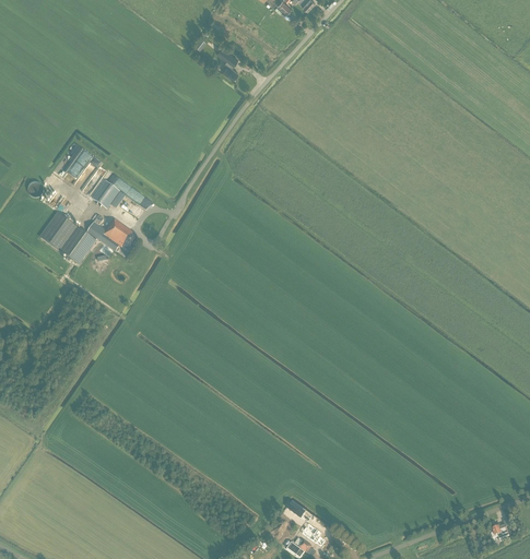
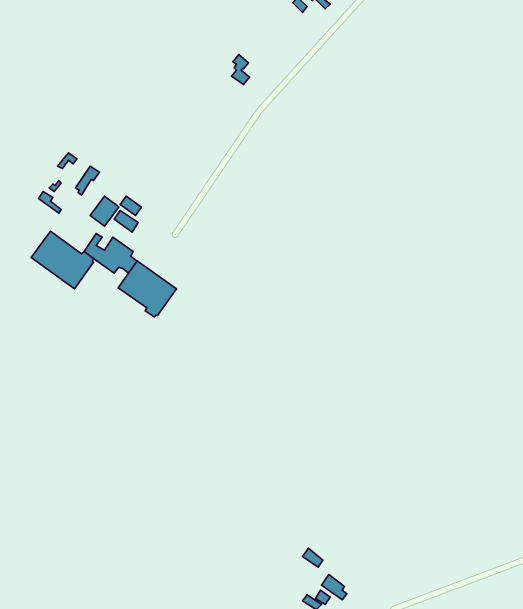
building: none -> [118,261,176,317]

